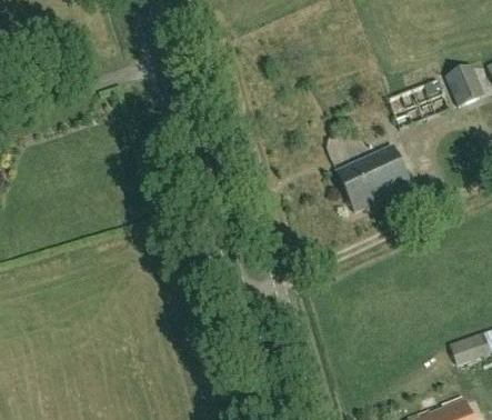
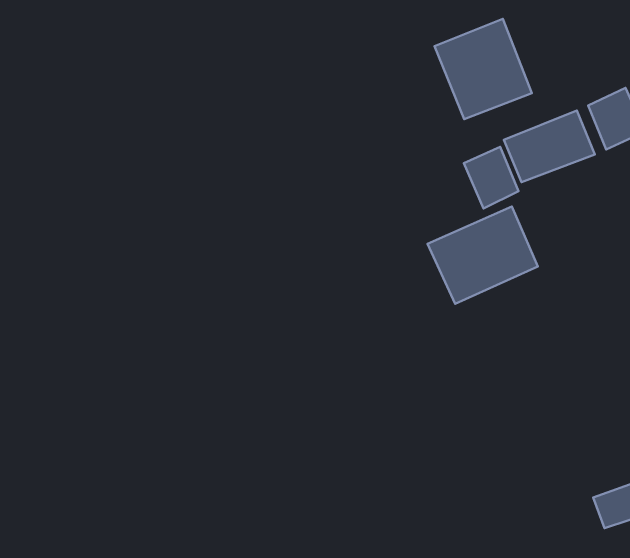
building: none -> [434,19,532,119]
building: none -> [464,147,519,209]

